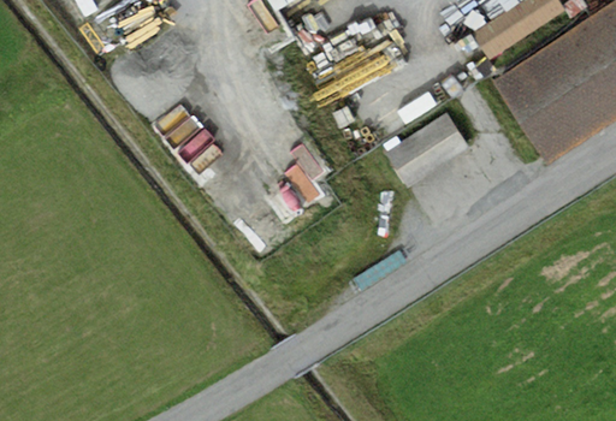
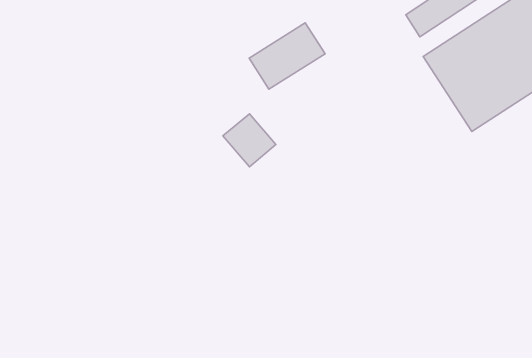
building: [385,113,468,185] -> [249,23,325,89]

